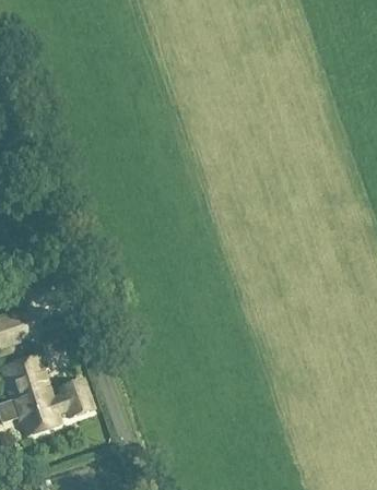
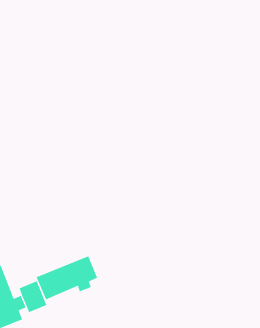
building: none -> [36,255,98,300]

